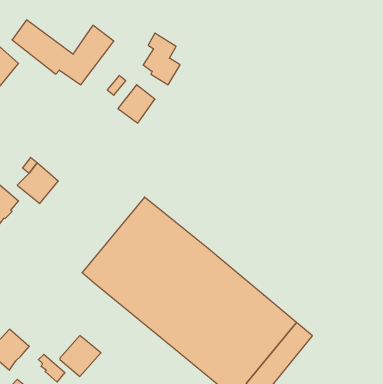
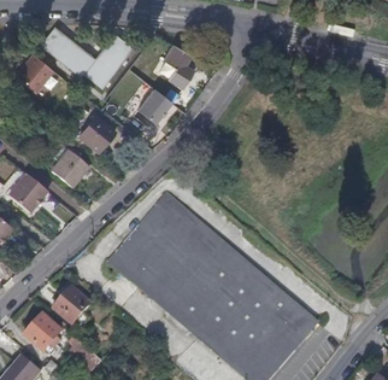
building: none -> [78,119,113,156]
building: [60,336,101,377] -> [52,286,89,323]

